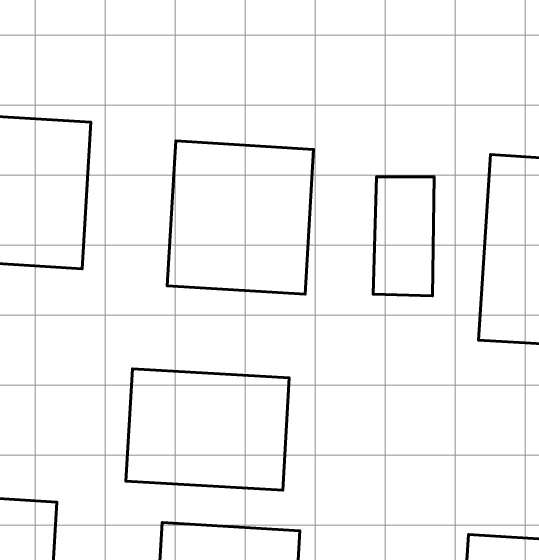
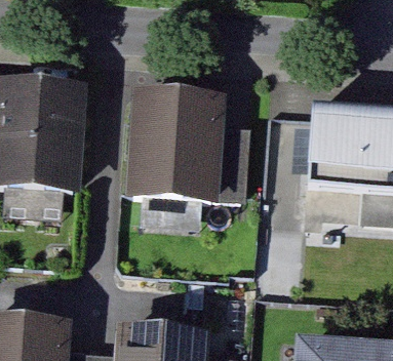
building: [126,369,289,490] -> none

